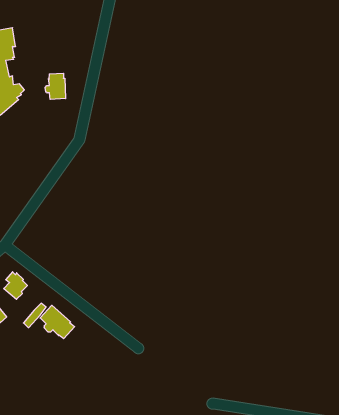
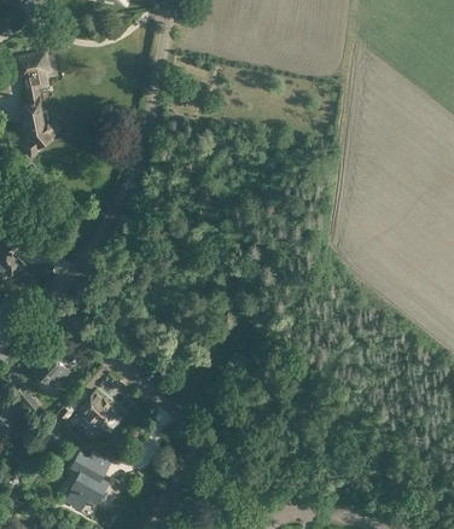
building: [45,73,66,99] -> none
building: none -> [68,447,114,510]

